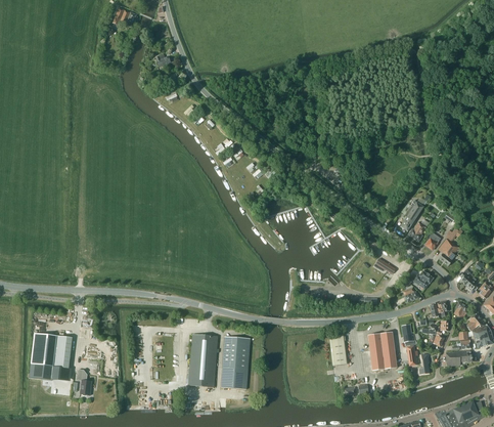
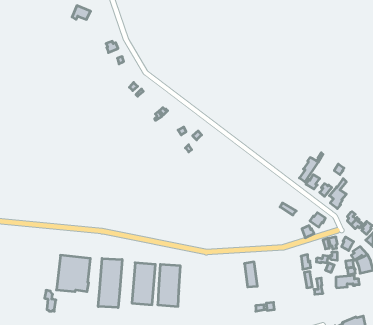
building: none -> [98,258,122,308]
building: [367,332,397,371] -> none
building: [29,333,72,379] -> [56,255,90,292]

